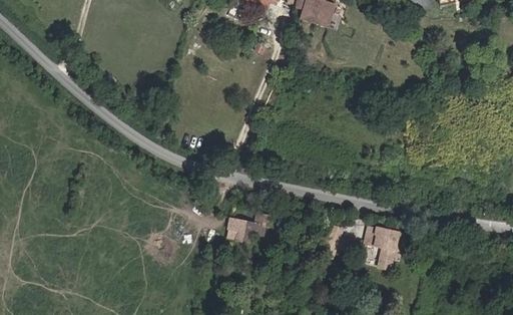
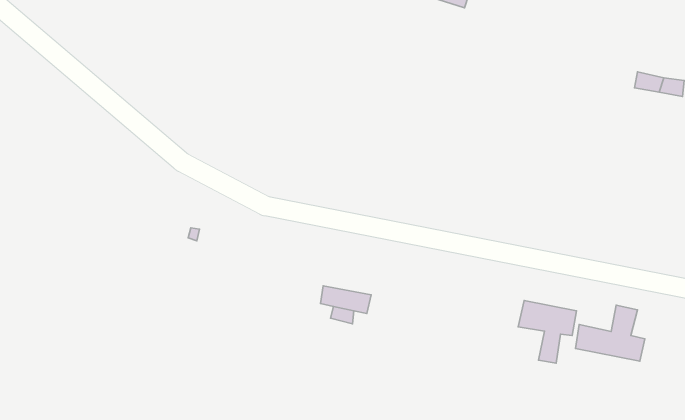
building: none -> [576,305,645,361]

